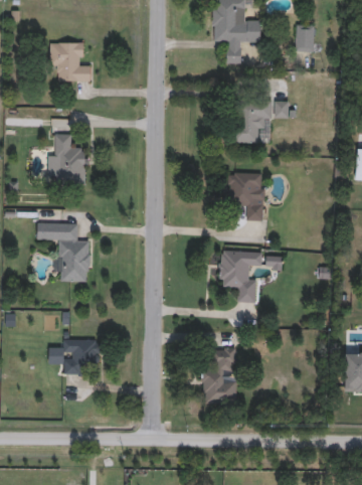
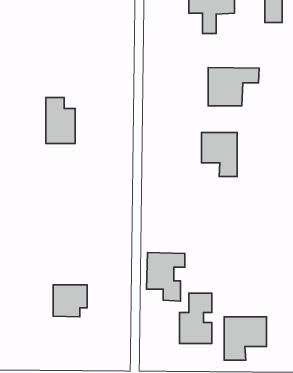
building: [49,42,89,82] -> none
building: [36,222,89,282] -> none
building: [219,250,261,303] -> [147,253,185,301]
building: none -> [224,317,267,360]

